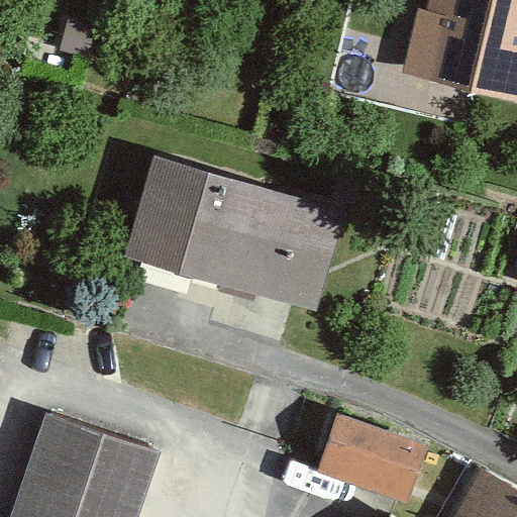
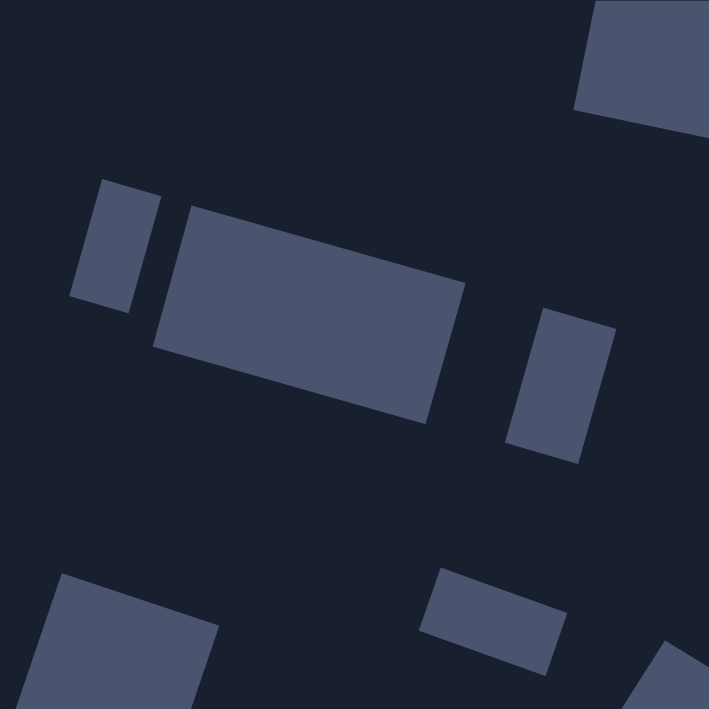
building: none -> [68,178,162,314]
building: none -> [504,307,617,465]

